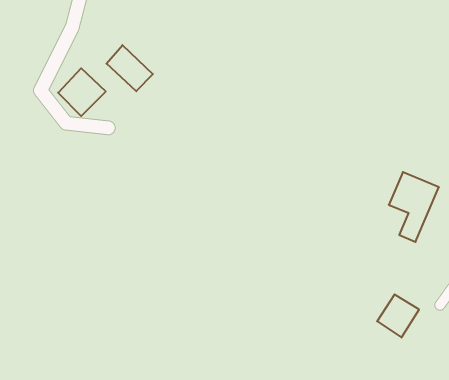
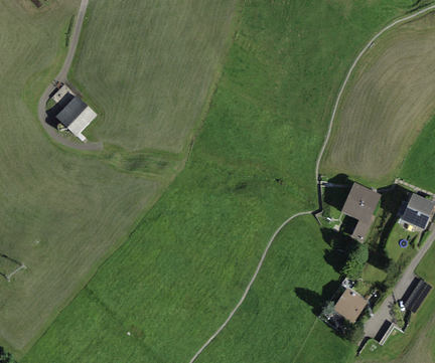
building: [106,45,153,91] -> none

